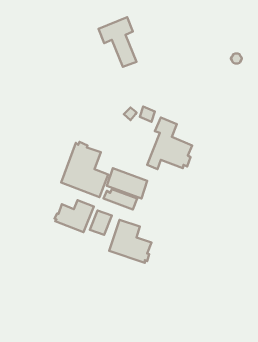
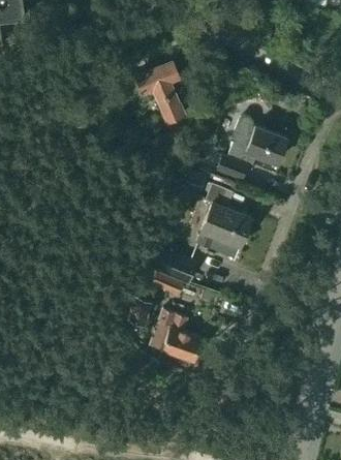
building: none -> [217,118,287,182]
building: [61,142,108,197] -> none
building: [55,200,94,232] -> none

